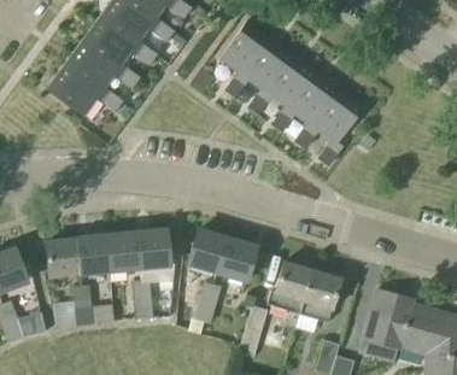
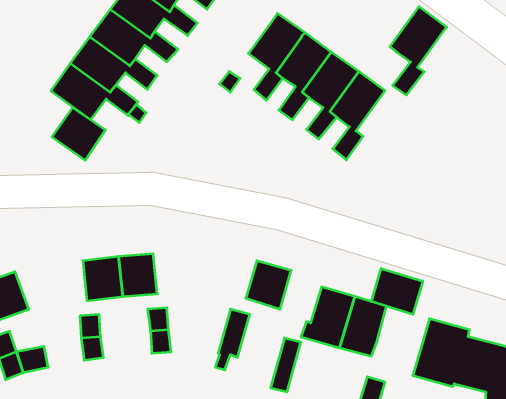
building: [315,90,364,168] -> [390,7,447,95]
building: none -> [52,107,105,160]
building: [137,229,171,268] -> none
building: [188,229,228,271] -> none
building: [46,239,80,276] -> none
building: none -> [371,268,423,314]

